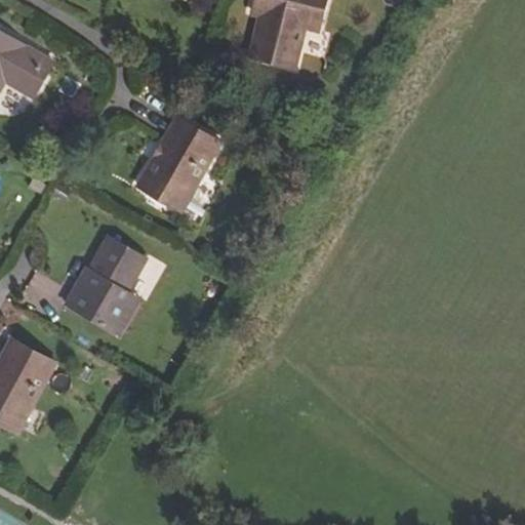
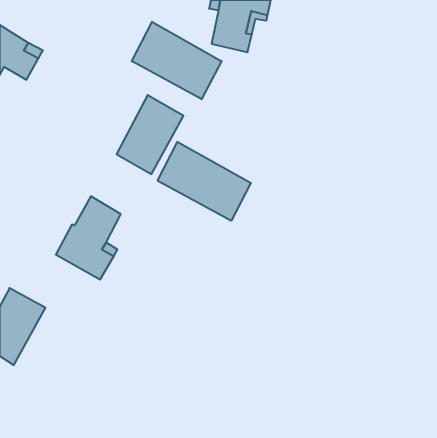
building: none -> [132,22,222,99]
building: none -> [158,142,251,221]

